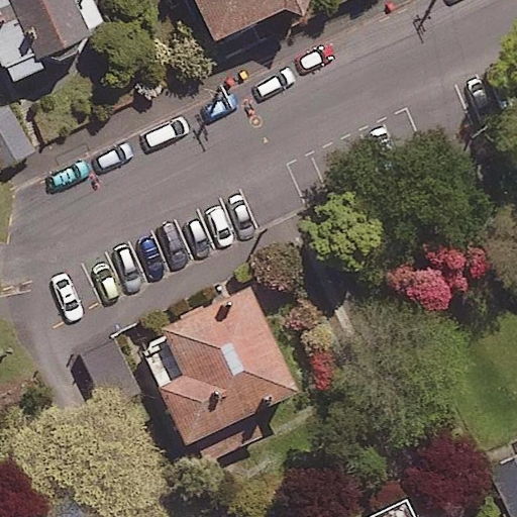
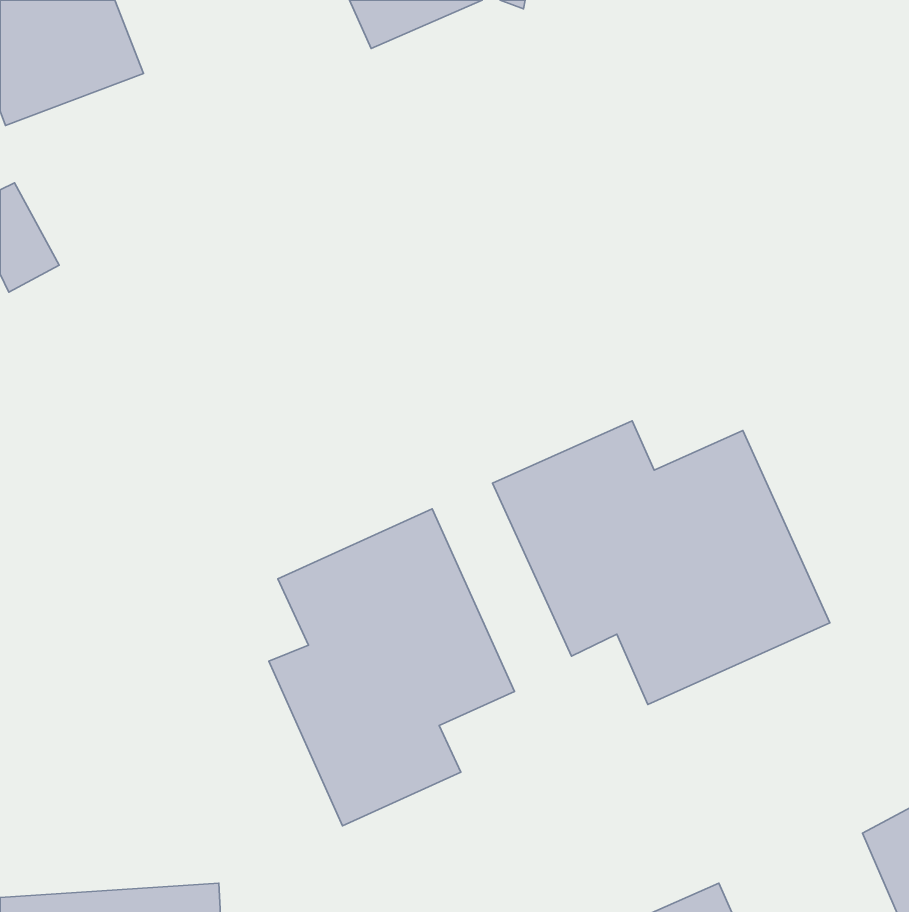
building: none -> [493,421,830,705]

